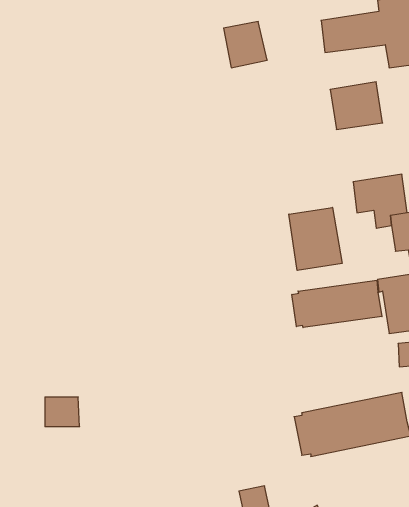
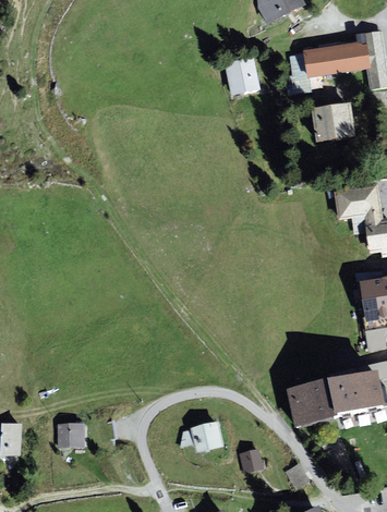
building: [289,207,342,270] -> none
building: [292,280,382,328] -> none
building: [45,397,80,427] -> [57,423,86,448]
building: none -> [177,422,223,454]

